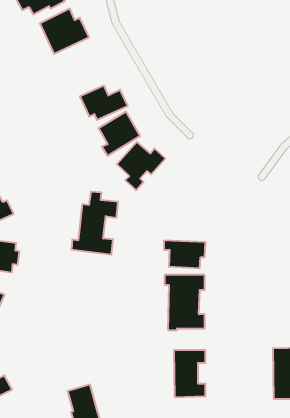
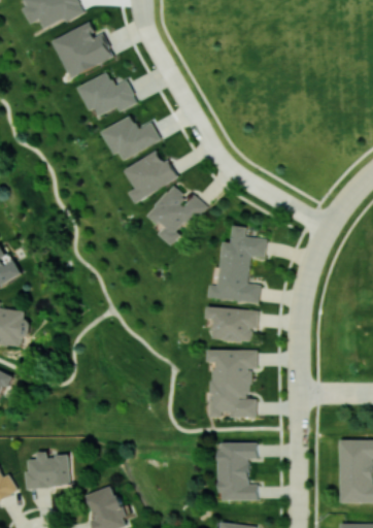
building: none -> [77,71,137,116]
building: [71,192,118,255] -> [208,226,266,303]
building: none -> [25,452,70,488]

